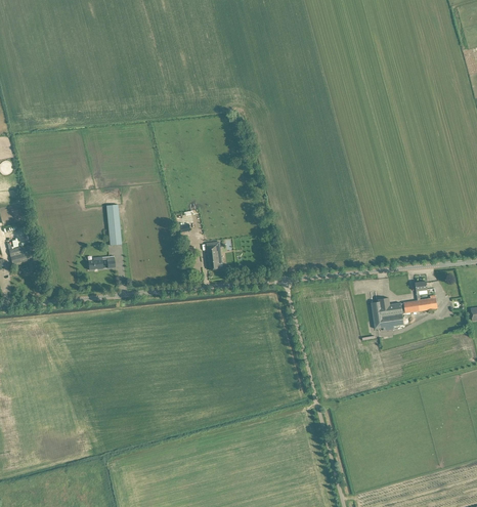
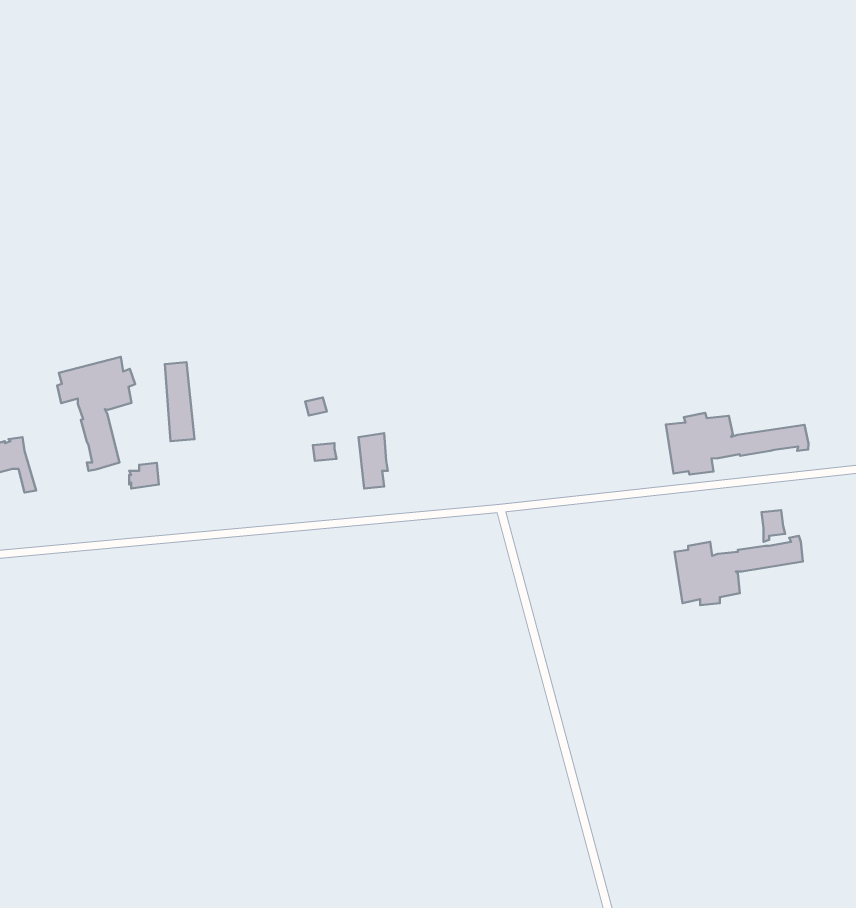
building: none -> [57,357,135,471]
building: none -> [666,413,808,475]

